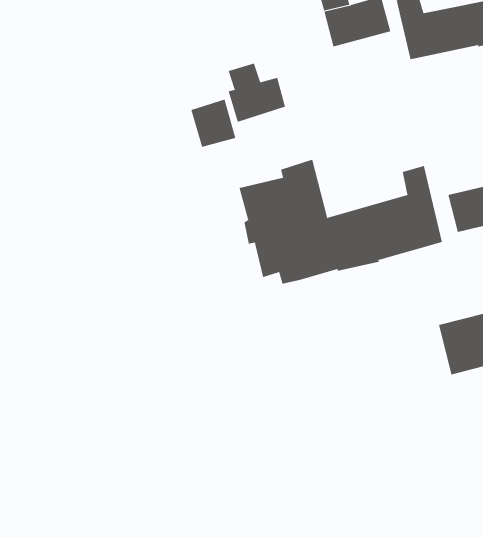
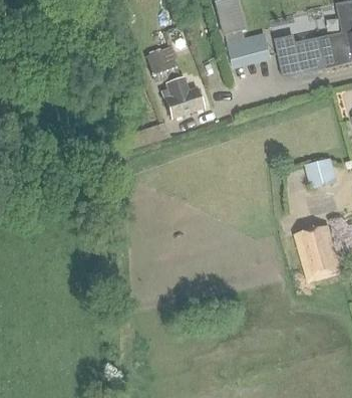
building: [191,99,236,147] -> [146,47,175,78]
building: [239,159,443,285] -> none

